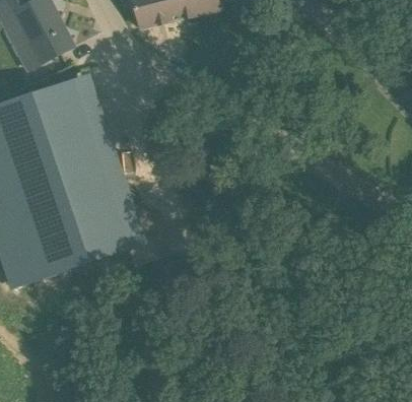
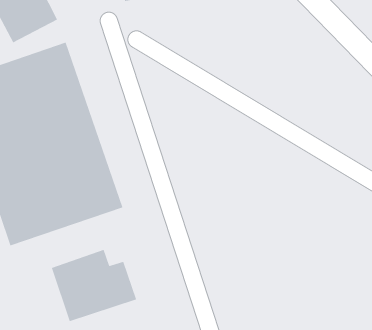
building: none -> [51,249,137,322]

